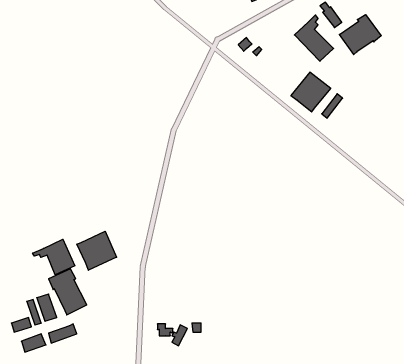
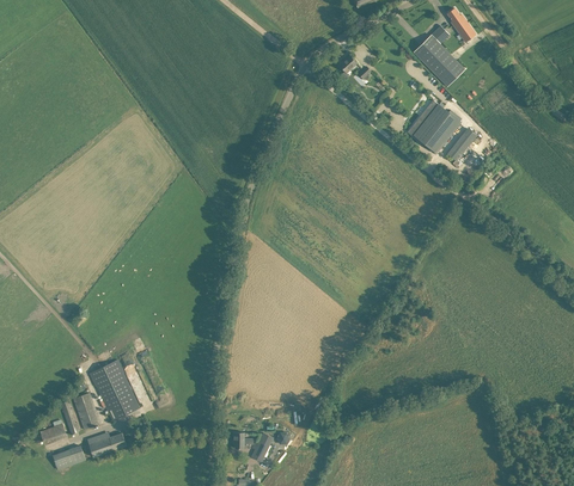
building: [339,15,381,55] -> none
building: [77,231,117,270] -> none
building: [33,239,75,275] -> none

